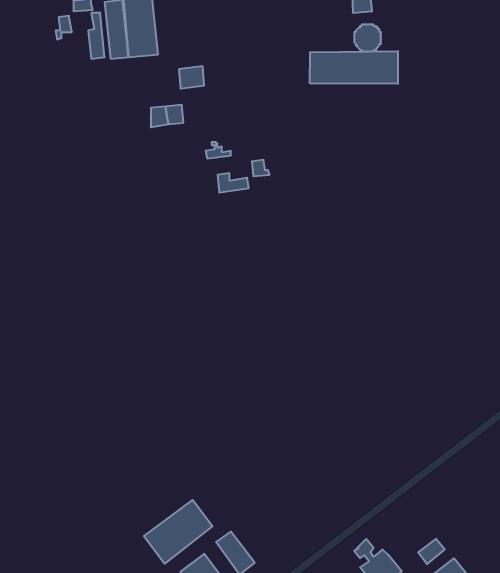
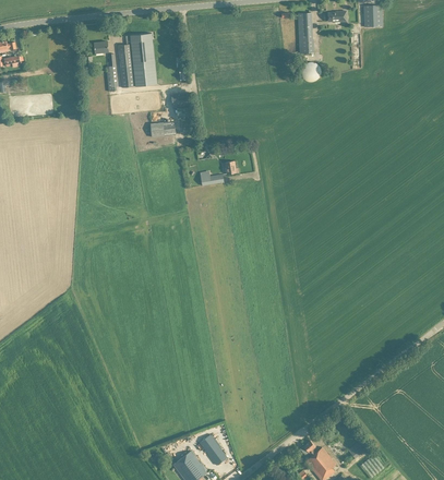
building: [310,51,398,84] -> none
building: [144,500,212,564] -> none

